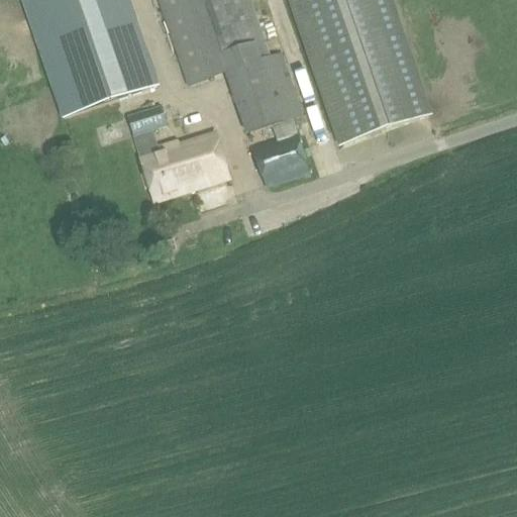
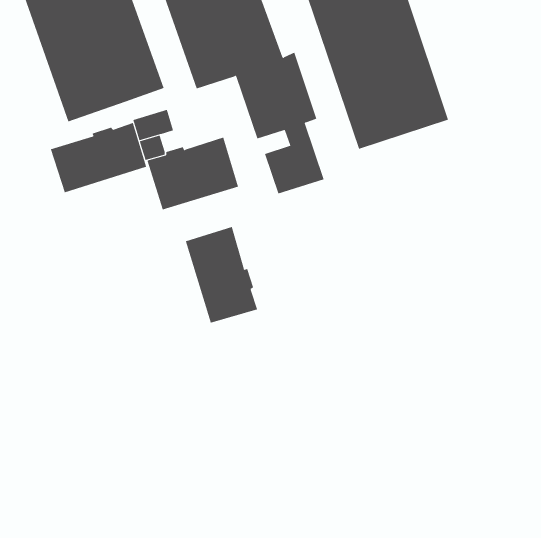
building: none -> [50,122,147,193]
building: none -> [185,226,258,324]

